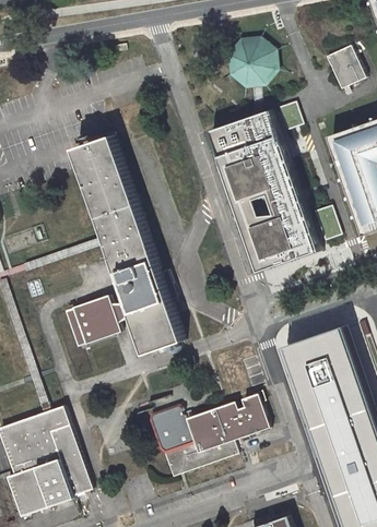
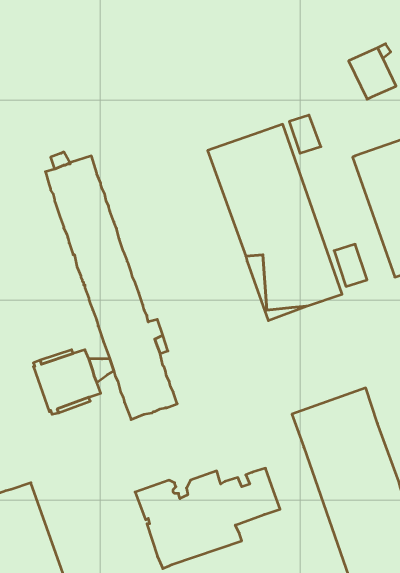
building: [228,43,270,83] -> none

